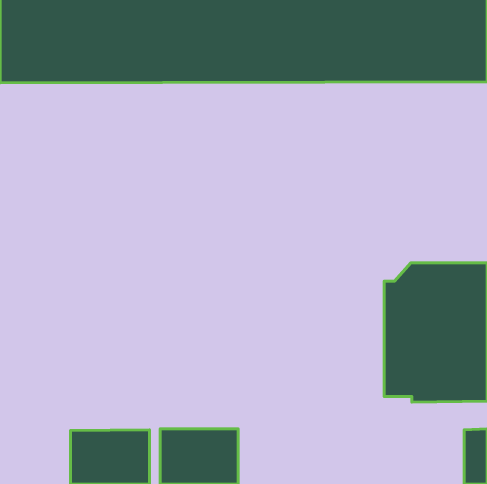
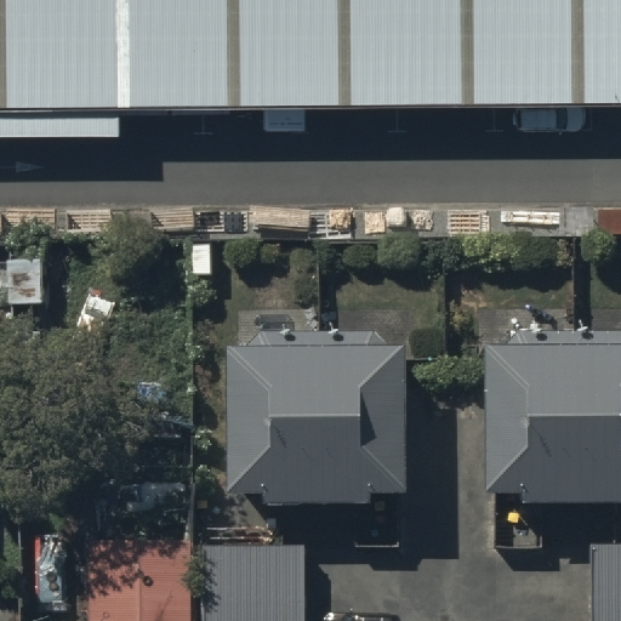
building: none -> [228,336,405,512]

